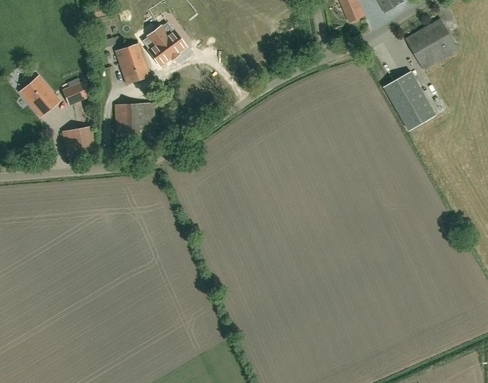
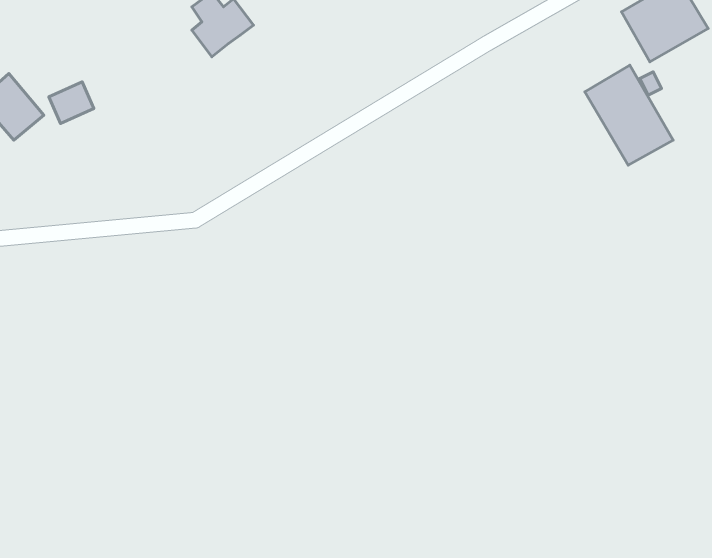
building: [115,43,149,83] -> none
building: [113,102,154,136] -> none
building: [61,126,94,155] -> none

